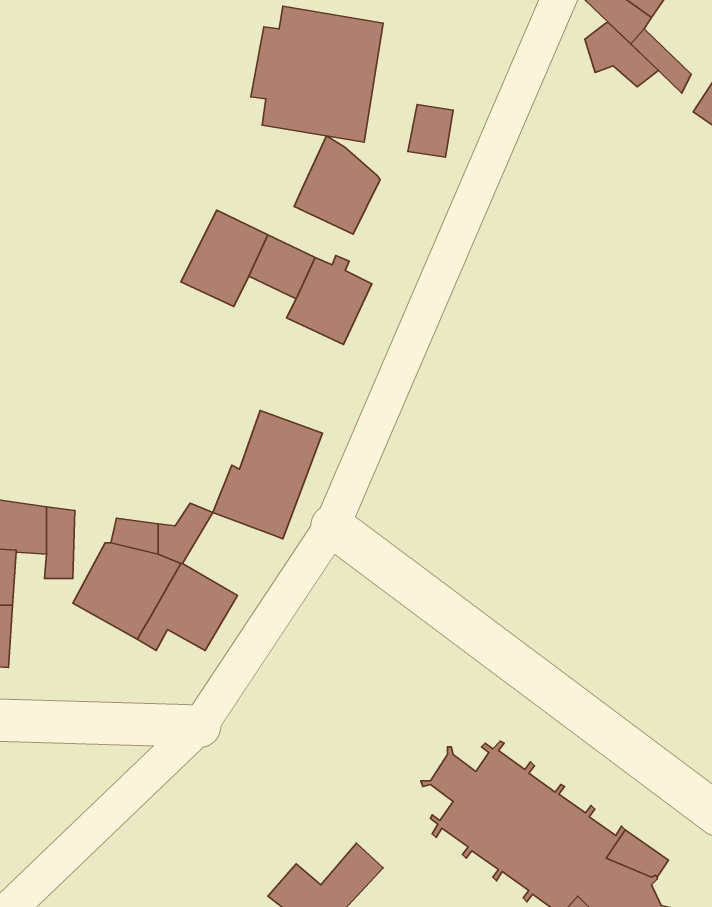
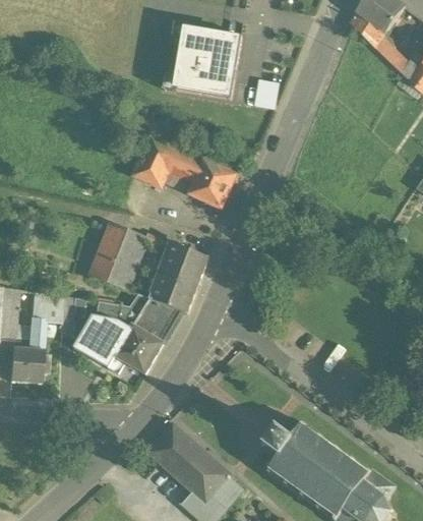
building: [585,22,659,87] -> none
building: [294,136,380,234] -> none
building: none -> [88,222,146,289]
building: none -> [132,298,181,343]
building: none -> [148,422,230,499]

